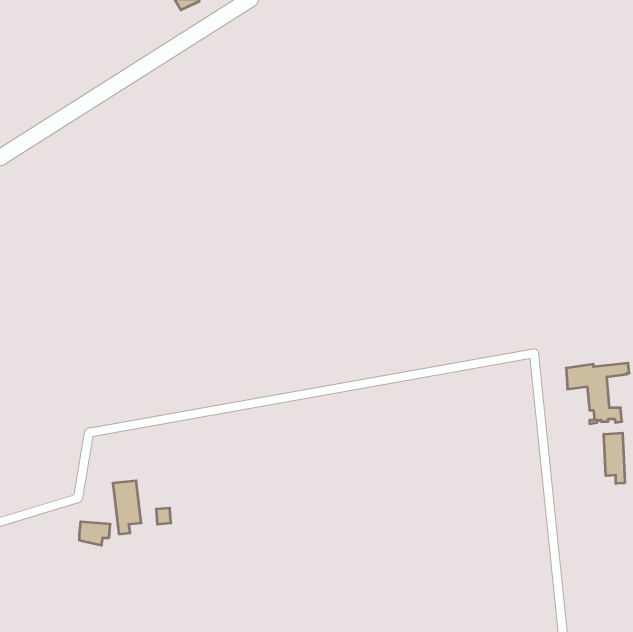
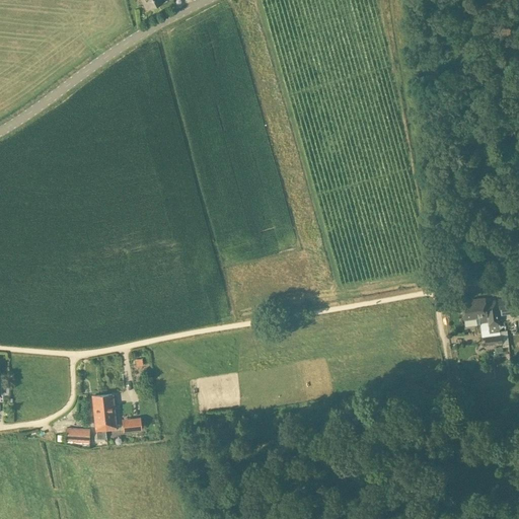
building: [604,433,625,484] -> none

